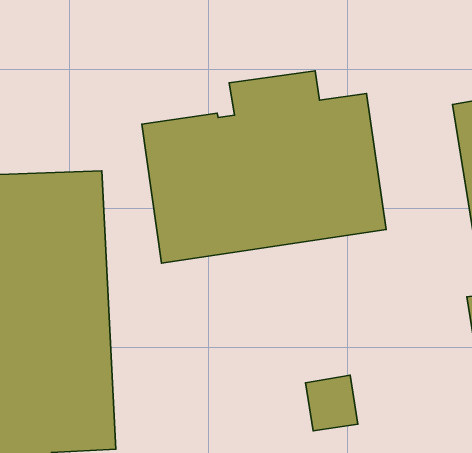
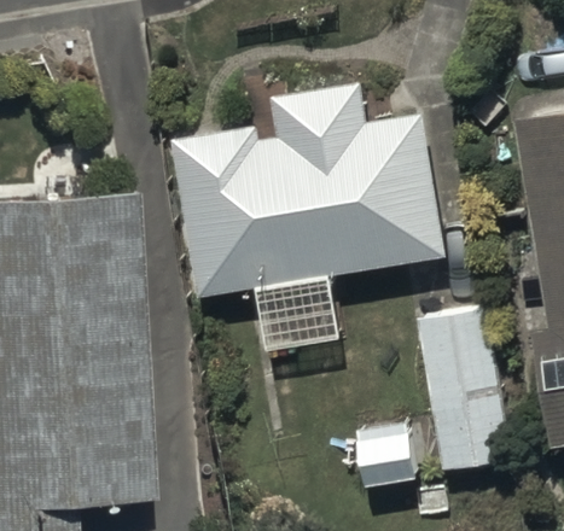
building: none -> [413,310,508,471]

